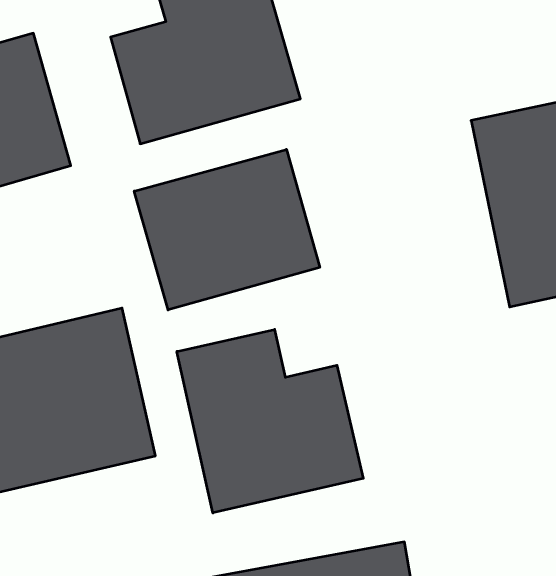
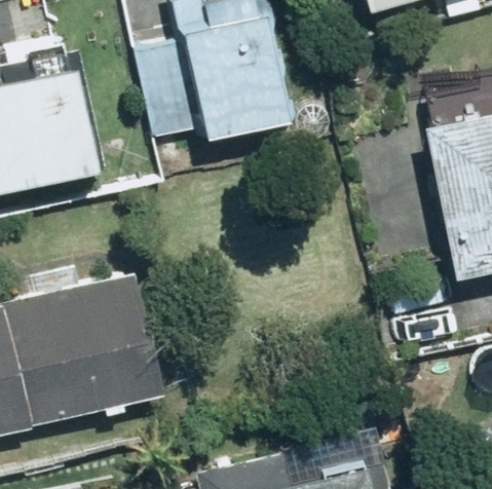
building: [134,149,320,310] -> none
building: [177,329,363,513] -> none

